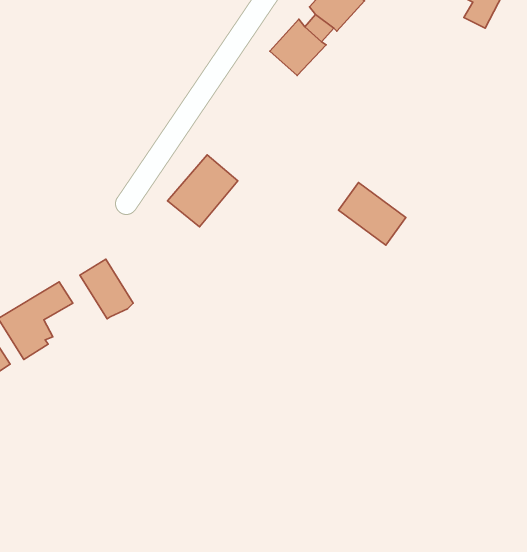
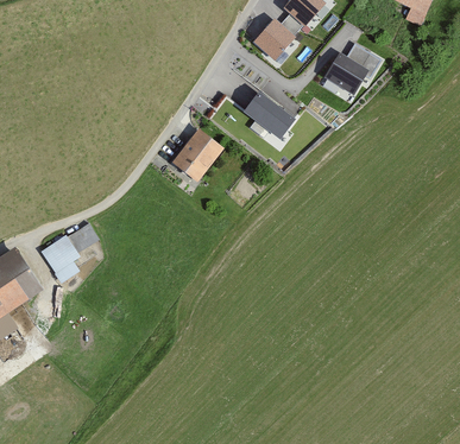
building: none -> [323,43,382,95]
building: [339,183,406,245] -> [241,93,294,141]
building: [80,259,133,319] -> none

